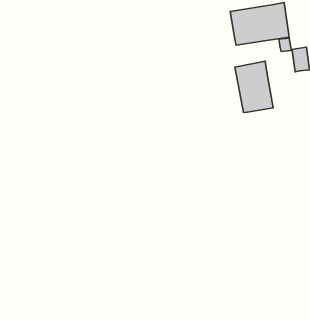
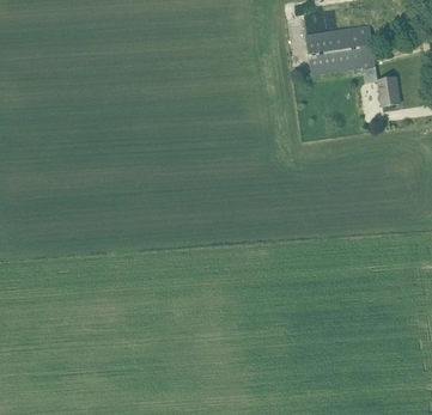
building: [235,61,273,112] -> none

